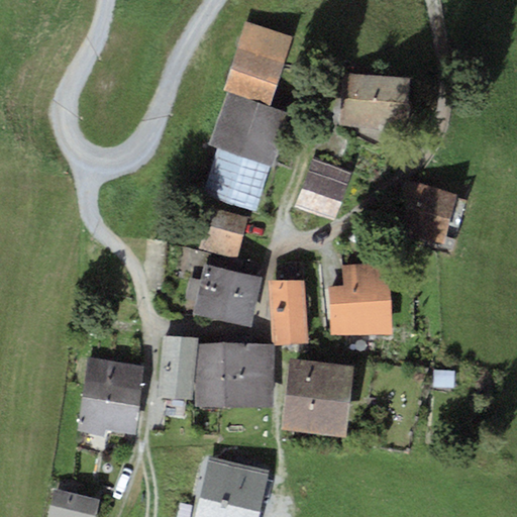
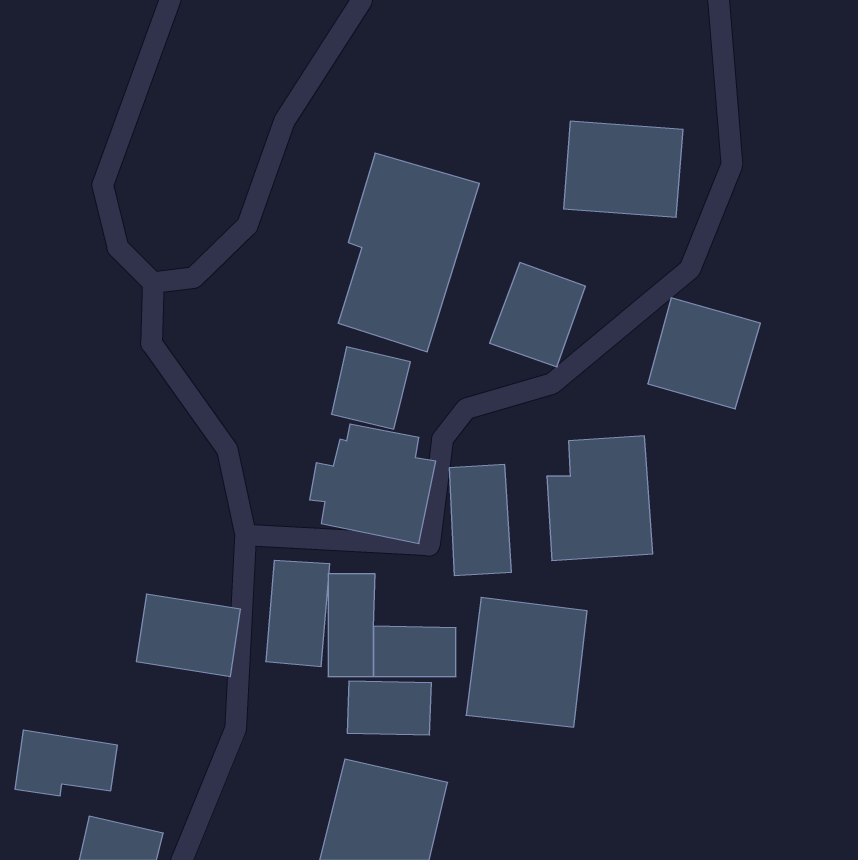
building: [225,23,292,105] -> none
building: [224,344,275,377] -> [347,681,431,735]
building: [77,397,138,436] -> [15,730,117,796]

